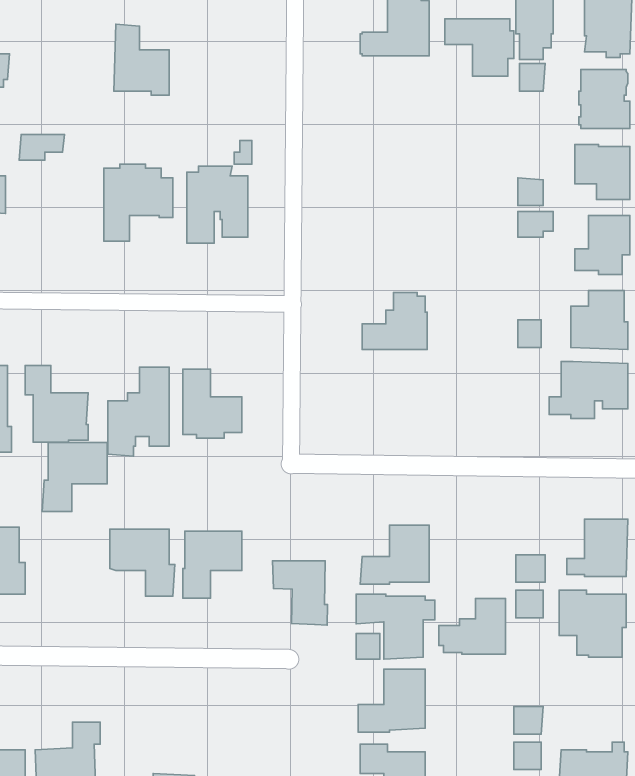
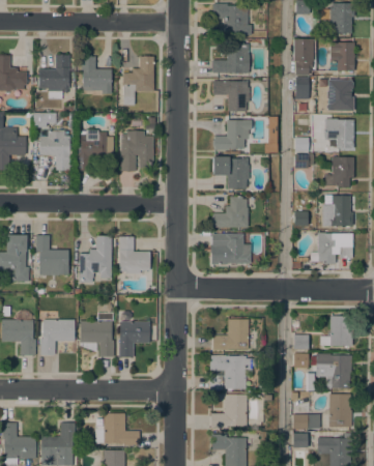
building: [445,19,514,76] -> [213,81,250,111]
building: none -> [39,55,70,99]
building: none -> [123,56,154,105]
building: none -> [213,120,252,150]
building: none -> [40,129,75,170]
building: none -> [213,156,250,188]
building: none -> [210,234,251,265]
building: [42,443,107,512] -> [40,319,75,355]
building: [273,561,328,625] -> none
building: [439,599,505,654] -> none
building: none -> [329,394,352,427]
building: none -> [96,413,140,445]

